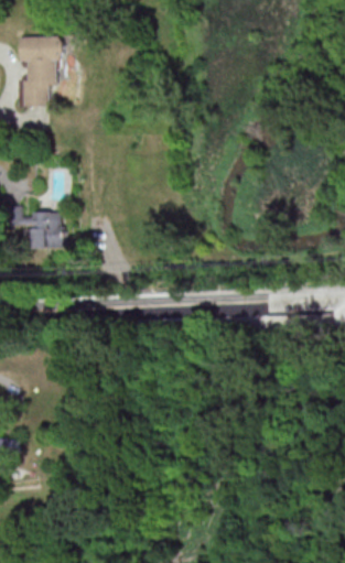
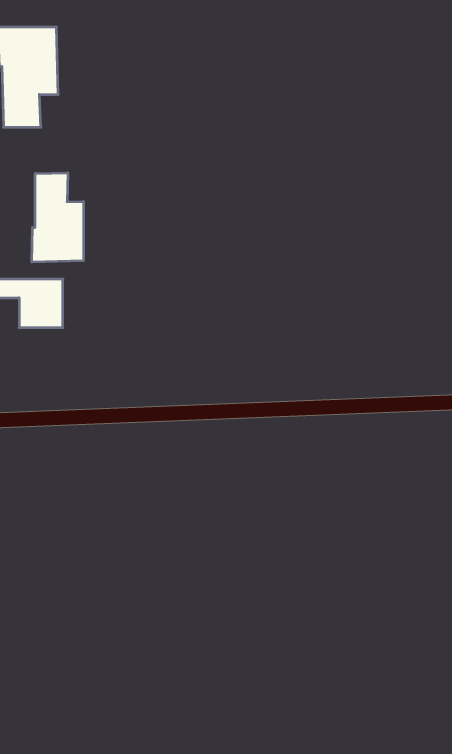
building: none -> [32,173,83,262]

